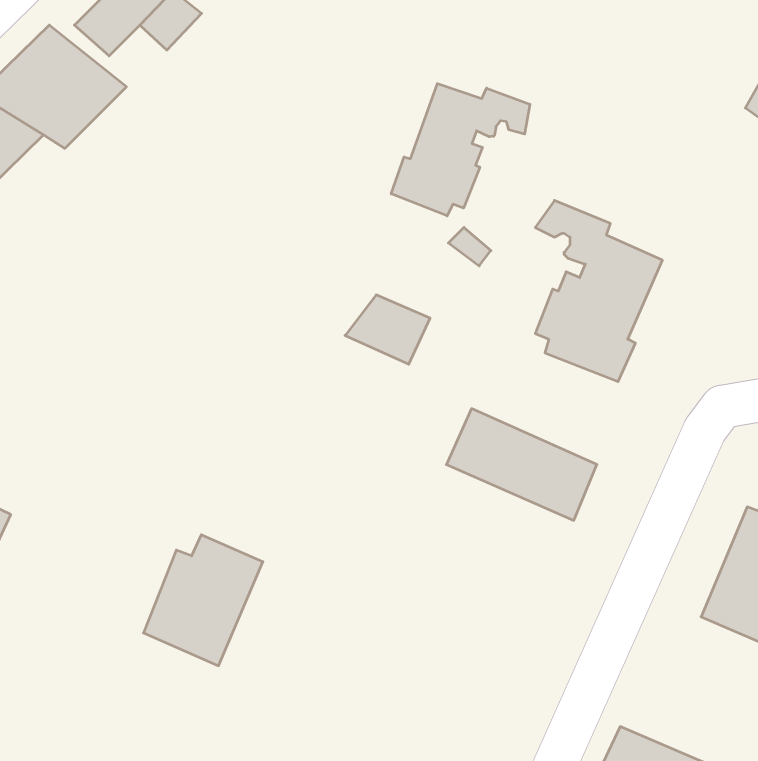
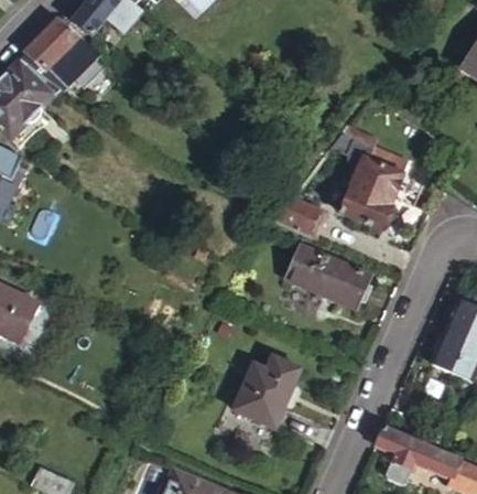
building: [391,84,530,216] -> none
building: [345,295,430,364] -> [277,198,325,238]
building: [143,535,263,666] -> [234,352,302,427]

